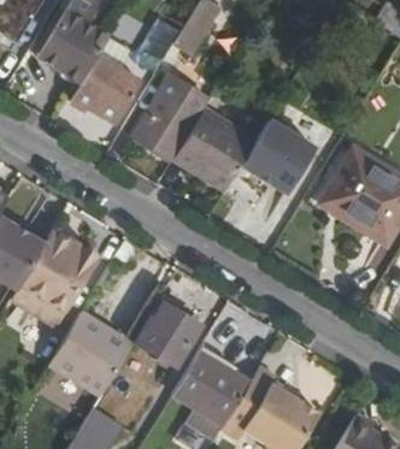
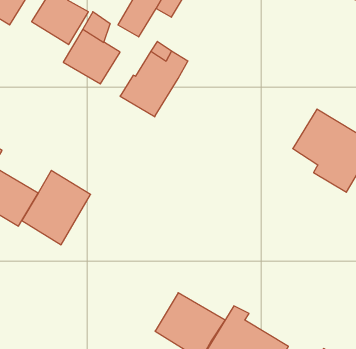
building: [172,118,254,189] -> none
building: [246,119,320,195] -> none
building: [134,299,200,366] -> none
building: [51,314,131,396] -> none

